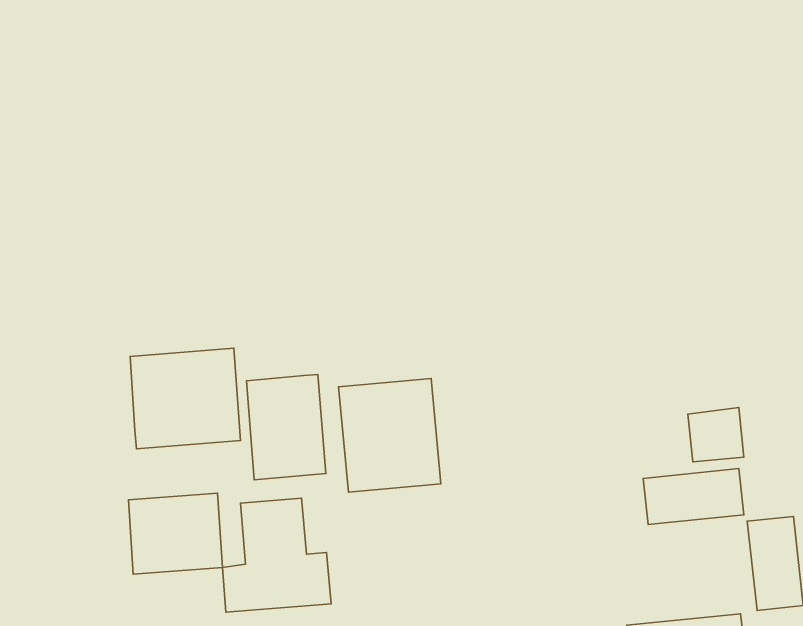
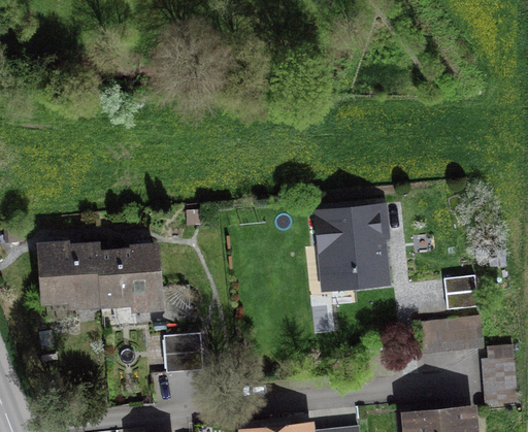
building: [246,375,326,480] -> none
building: [339,378,441,492] -> [314,213,377,285]
building: [128,493,222,574] -> [39,246,98,297]

